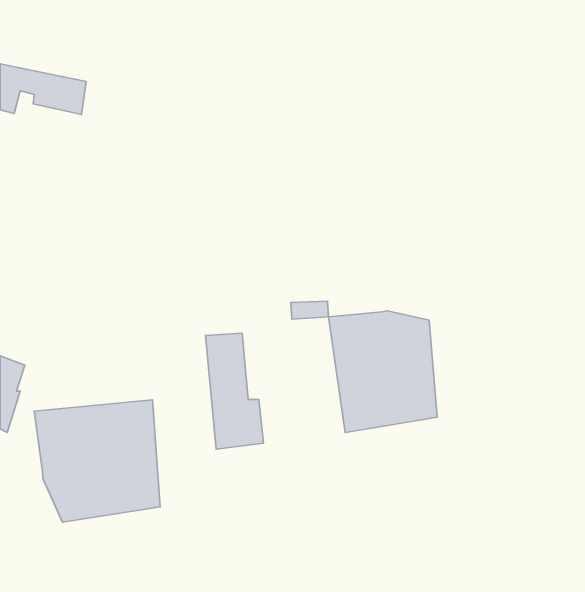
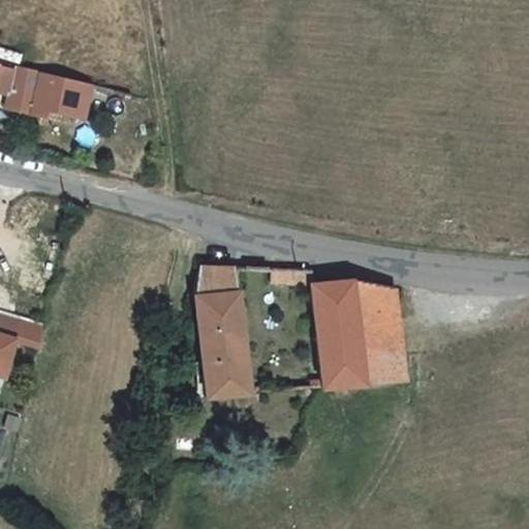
building: none -> [196,277,238,304]
building: [34,400,160,522] -> none

